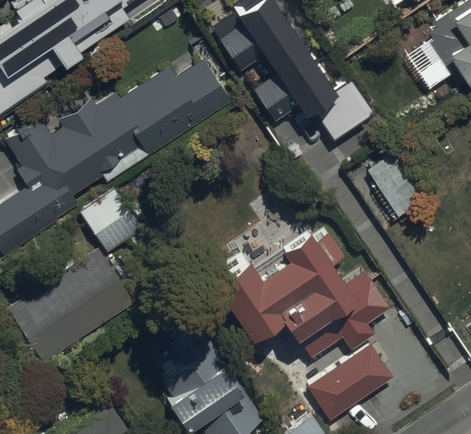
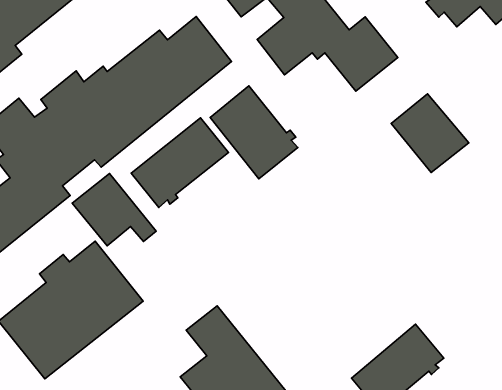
building: none -> [210,86,298,179]
building: none -> [131,118,228,207]
building: [207,223,386,363] -> none

